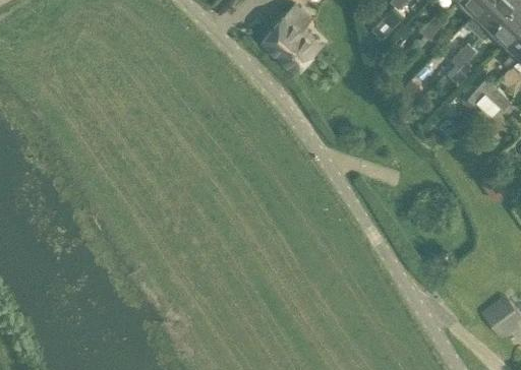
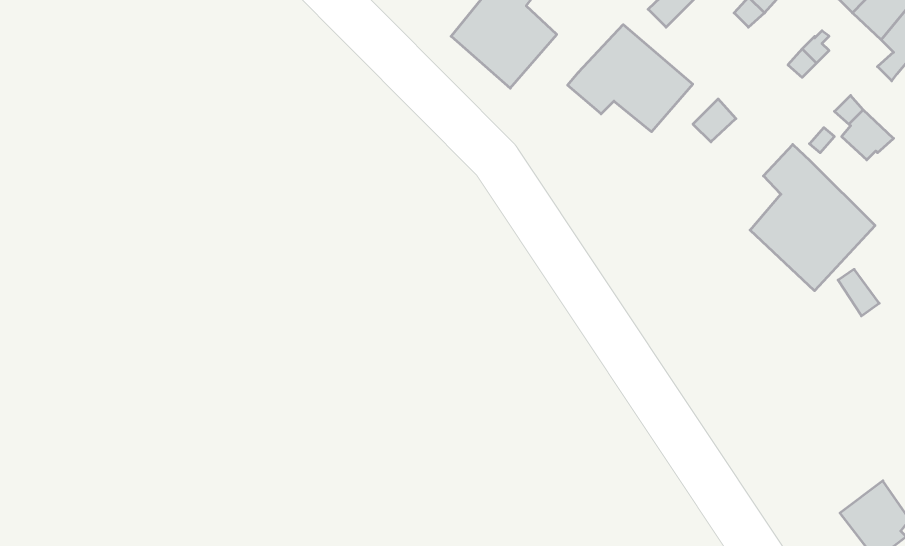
building: none -> [568,25,693,132]
building: none -> [750,144,875,291]

